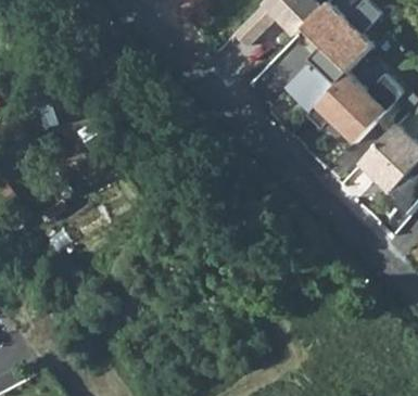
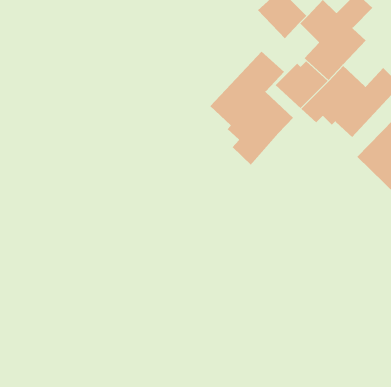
building: none -> [210,51,294,165]

